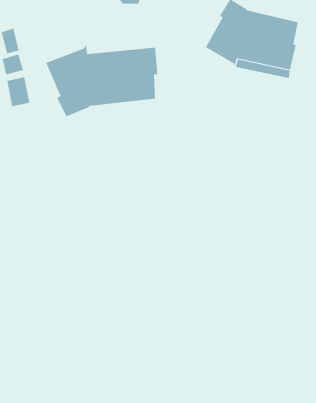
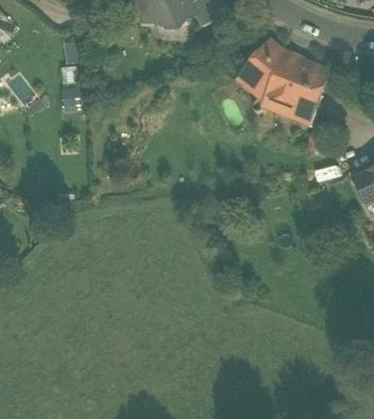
building: [46,45,158,117] -> none

